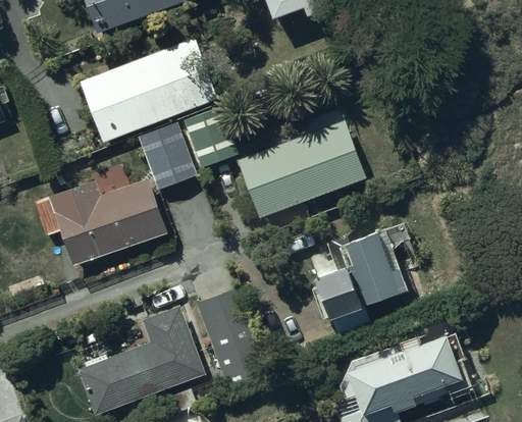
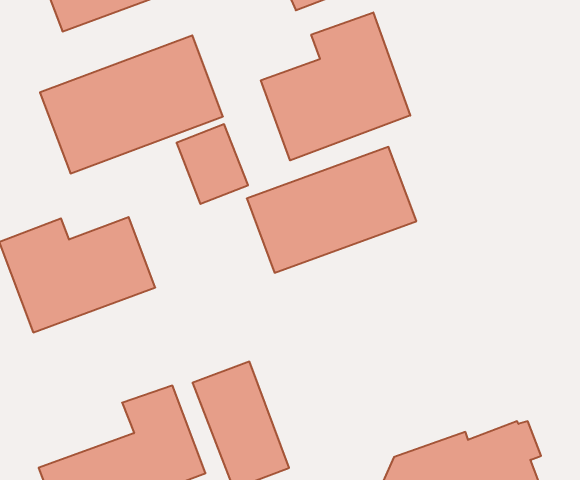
building: none -> [261,12,410,160]
building: [138,122,198,190] -> none
building: [313,229,406,335] -> none

